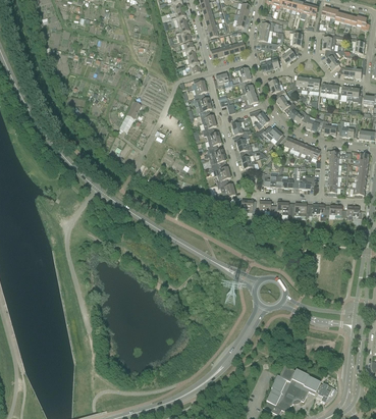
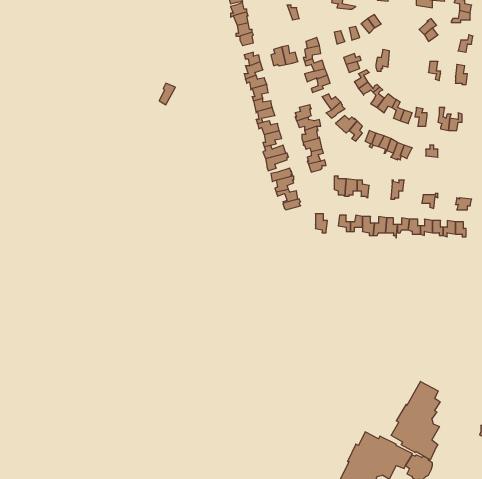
building: none -> [391,381,440,460]

